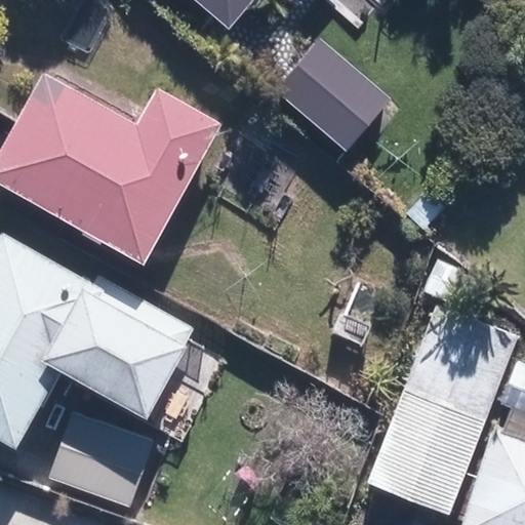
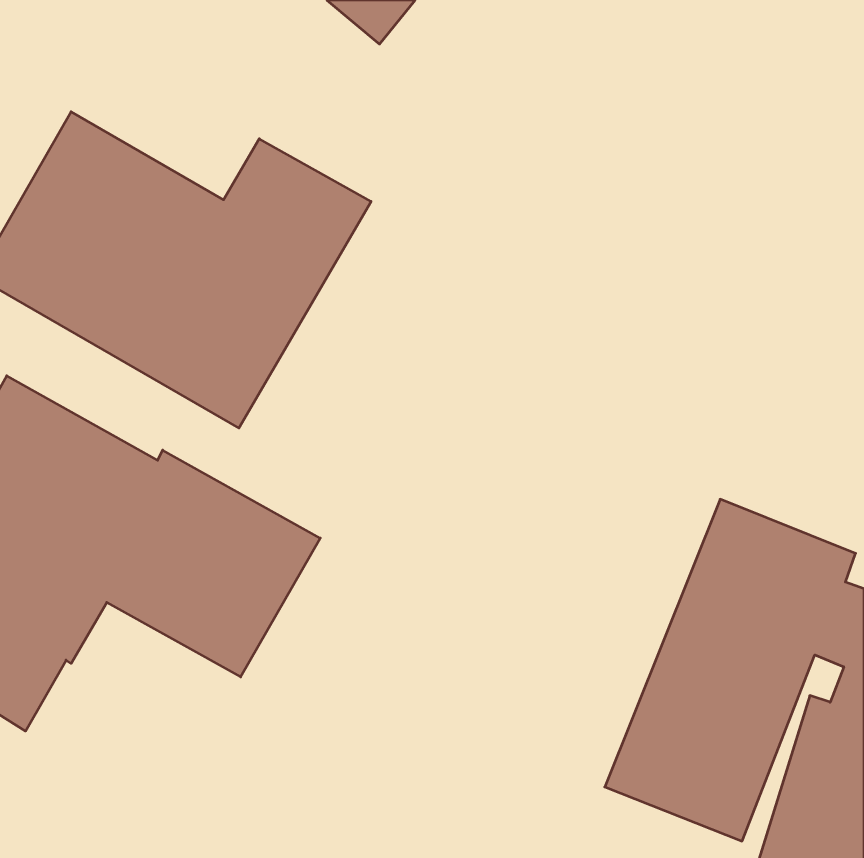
building: [277,42,390,152] -> none
building: [48,413,154,508] -> none

